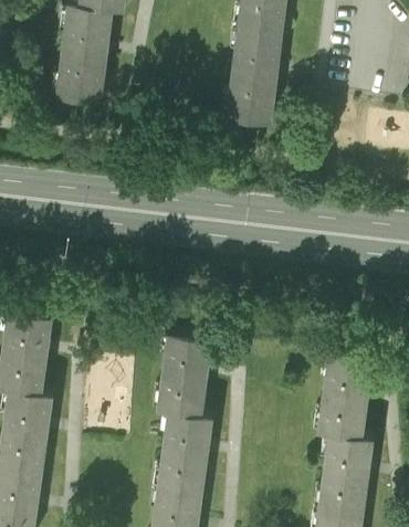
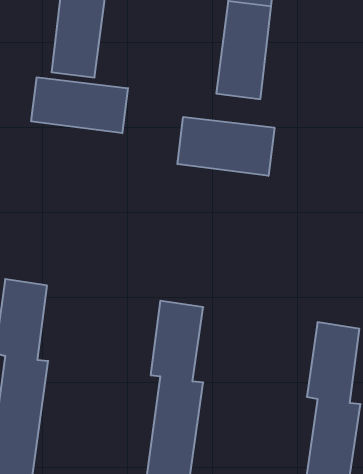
building: none -> [31,77,128,133]
building: none -> [178,117,274,176]

